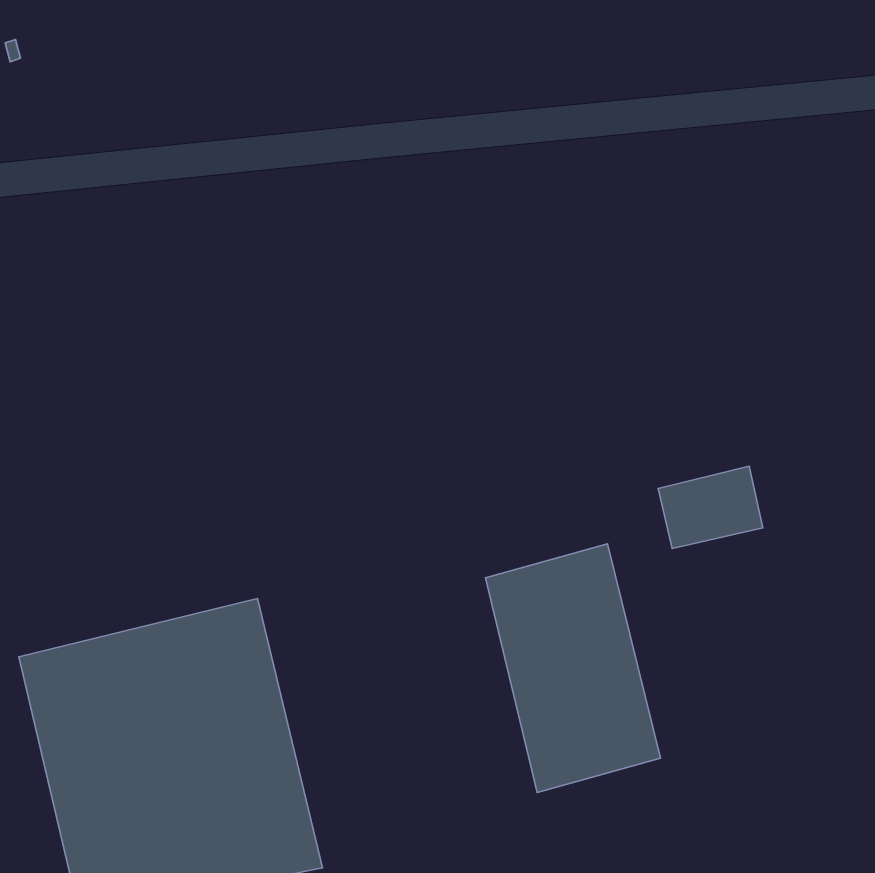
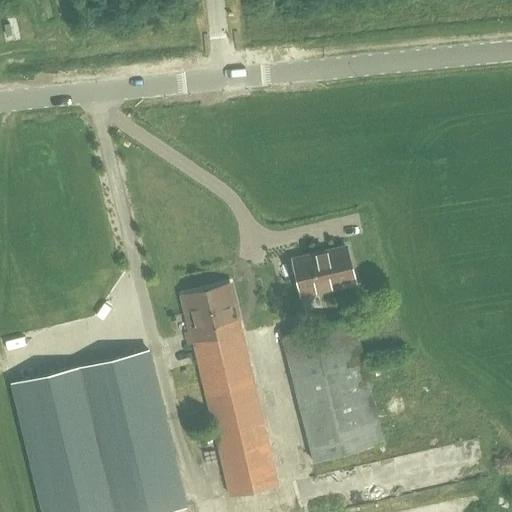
building: [658,466,763,549] -> [293,249,354,297]
building: none -> [182,285,276,498]

